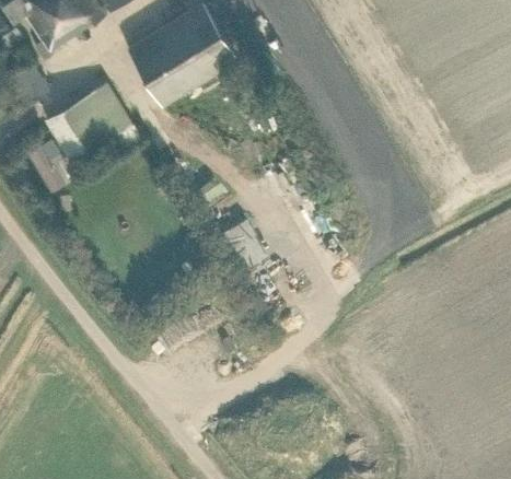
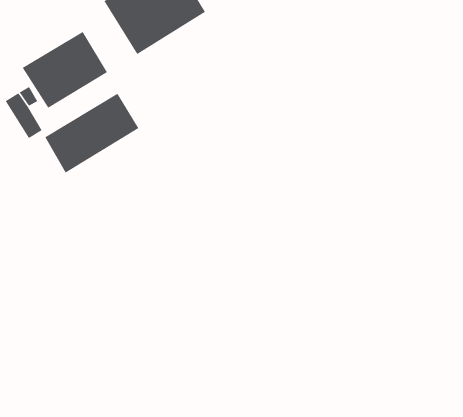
building: none -> [45,93,139,173]

